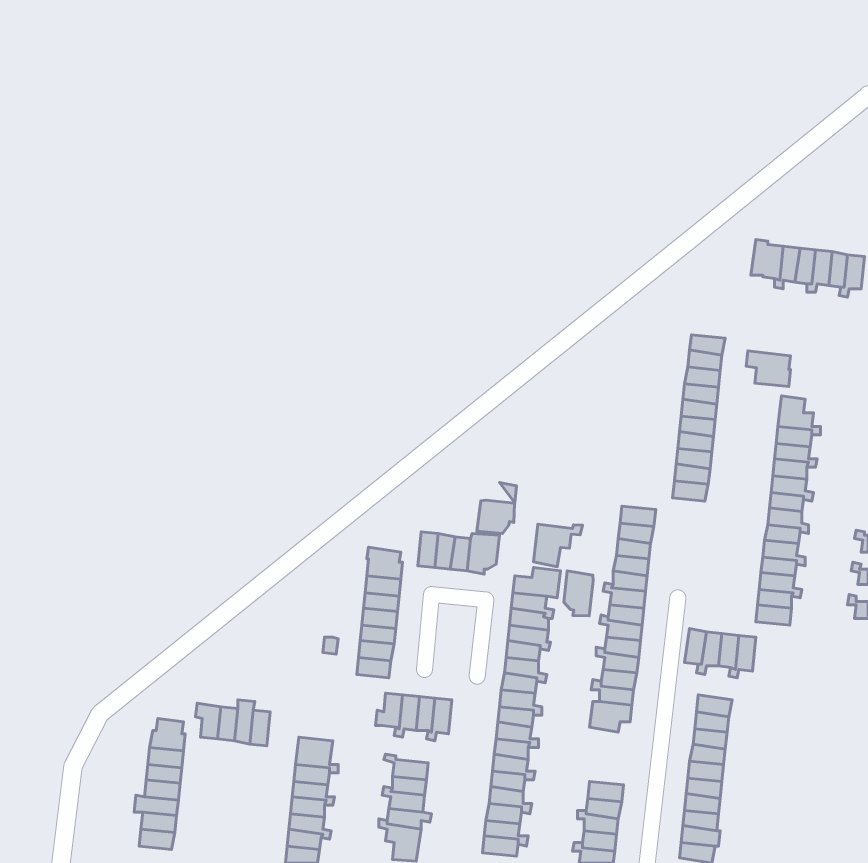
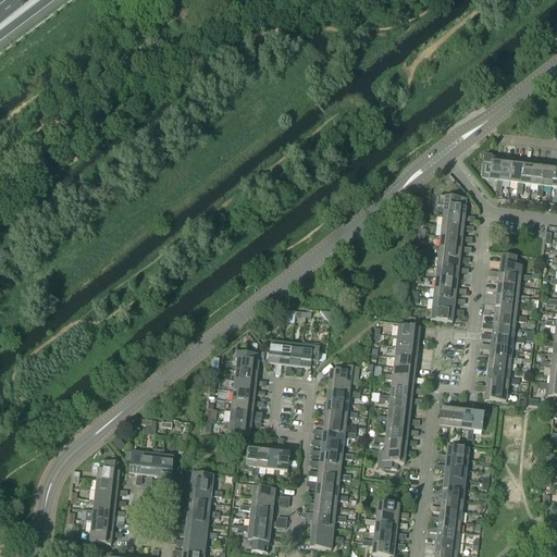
building: [746,351,790,386] -> [437,194,466,216]
building: [477,500,515,533] -> none
building: [533,524,582,567] -> none
building: [564,571,593,616] -> none

